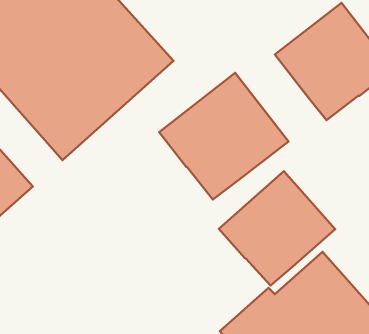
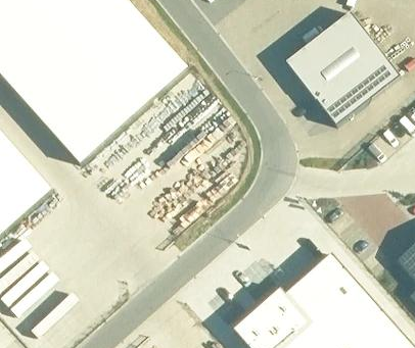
building: [159,73,288,199] -> none
building: [219,171,335,286] -> none

